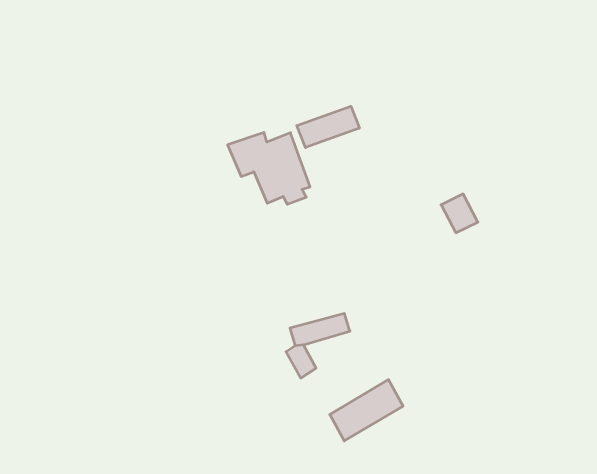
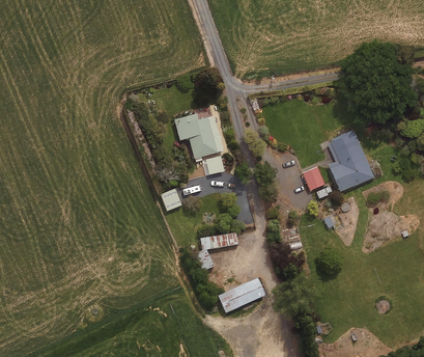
building: [297,106,359,148] -> none
building: none -> [328,131,374,192]

